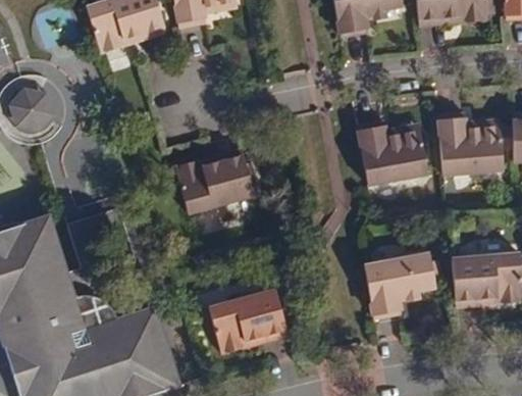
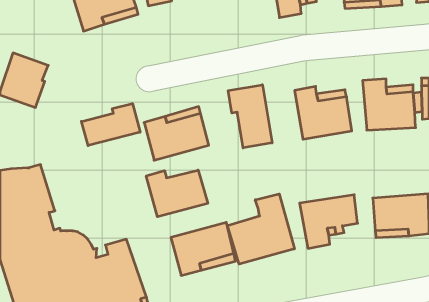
building: none -> [228,85,272,148]
building: none -> [81,104,140,146]
building: none -> [146,170,208,217]
building: none -> [228,194,294,264]

